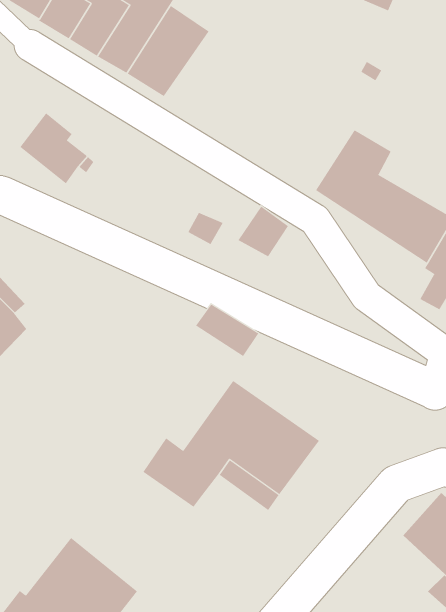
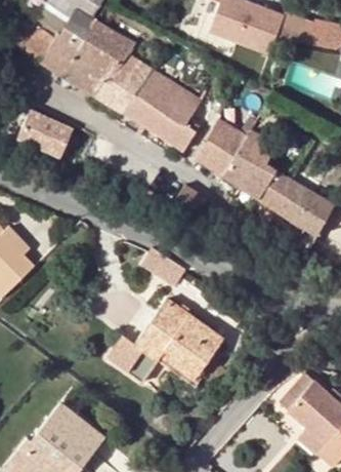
building: none -> [123,70,200,150]
building: none -> [198,114,256,174]

